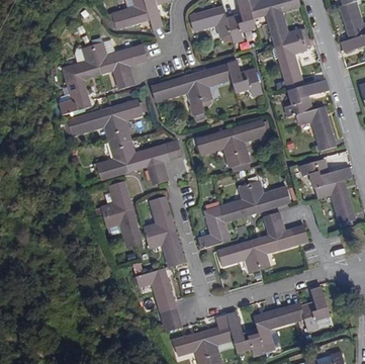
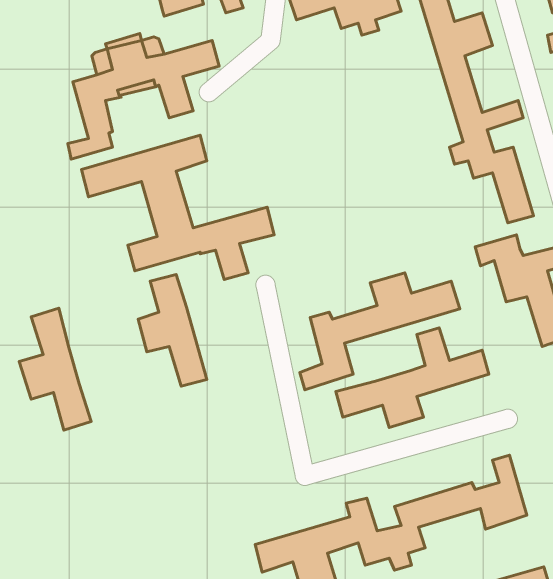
building: [152,62,263,105] -> none
building: [196,119,270,161] -> none
building: [143,195,185,267] -> [19,308,91,430]
building: [136,269,180,331] -> none

